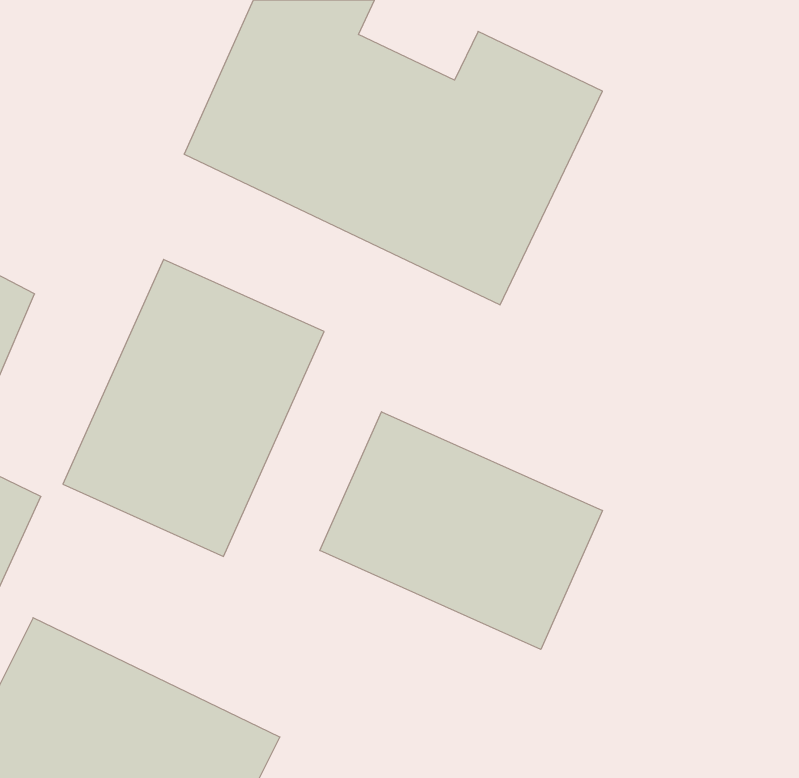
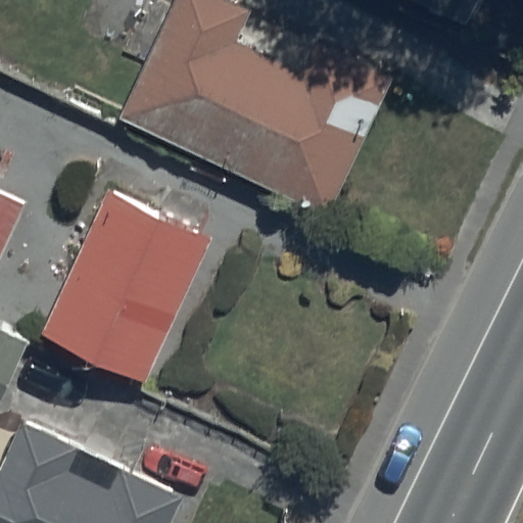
building: [320,412,602,649] -> none

